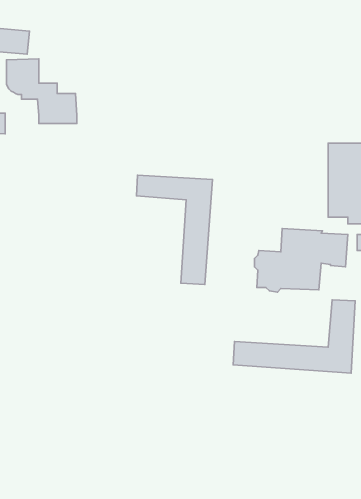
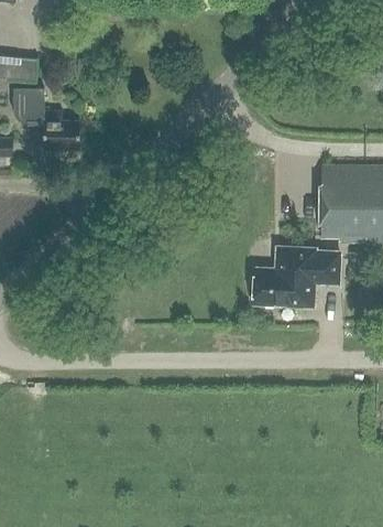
building: [137,175,213,284] -> none
building: [233,300,355,373] -> none

